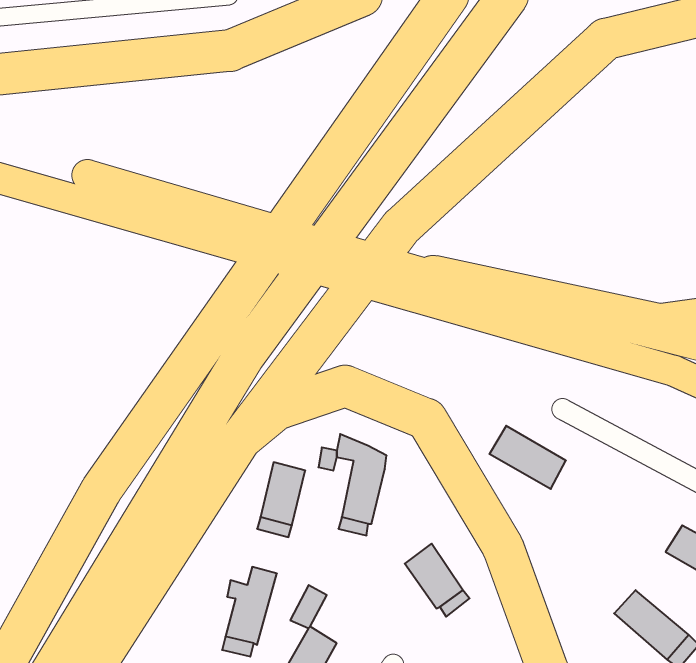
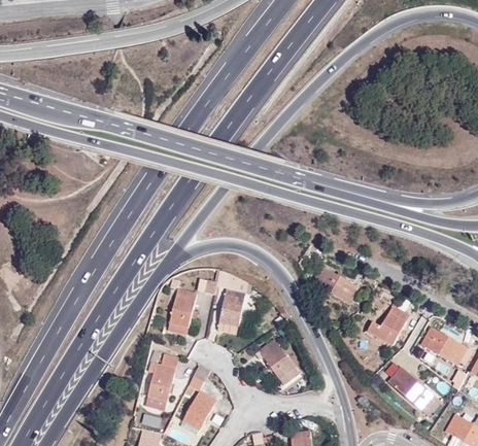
building: none -> [367,306,409,346]

